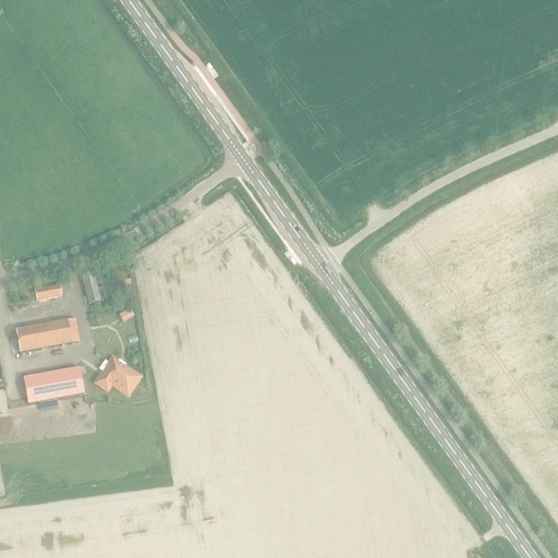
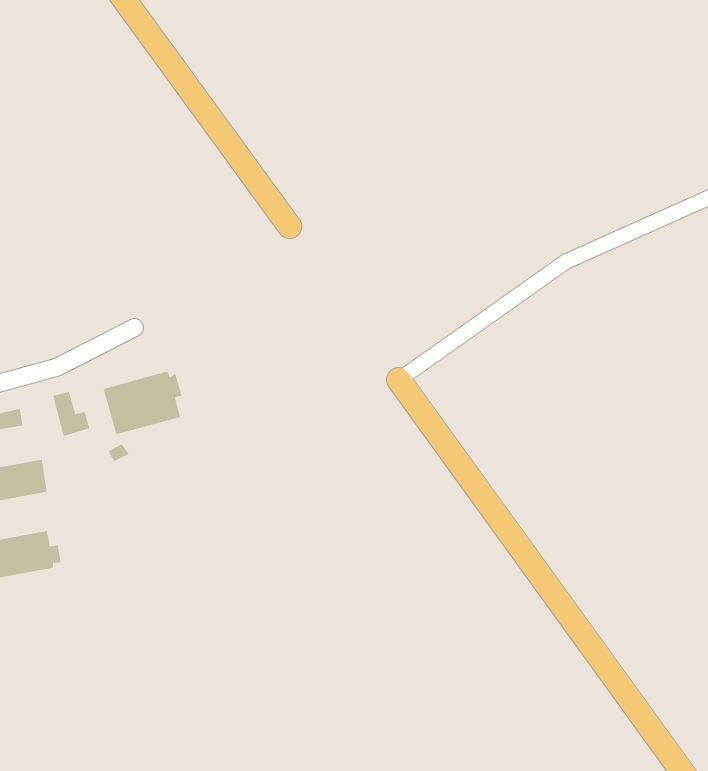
building: none -> [103,371,183,435]
building: [95,356,140,389] -> none

